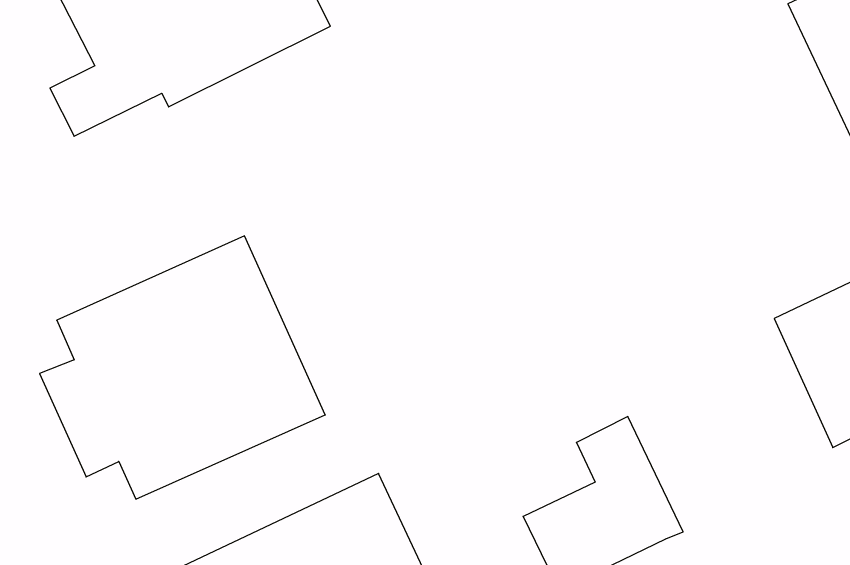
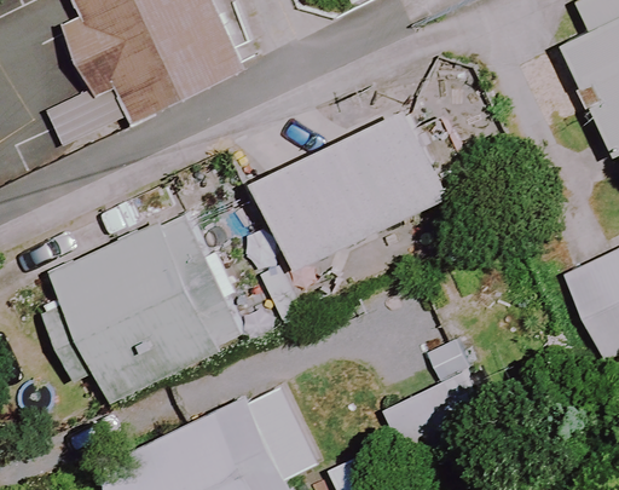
building: none -> [259,106,452,266]

